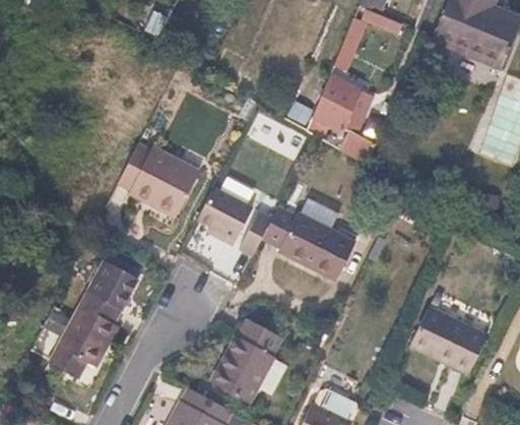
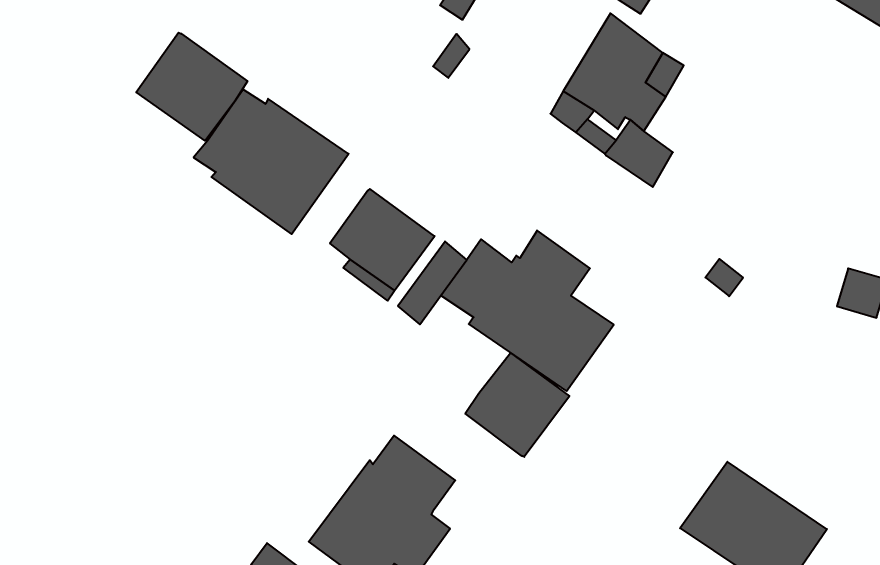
building: none -> [136,33,247,141]
building: [43,255,140,379] -> none
building: none -> [465,353,569,457]

